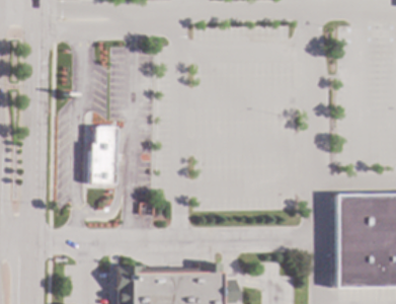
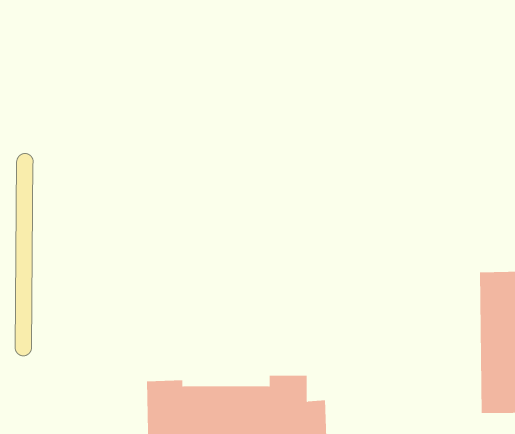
building: [90,123,120,182] -> none

